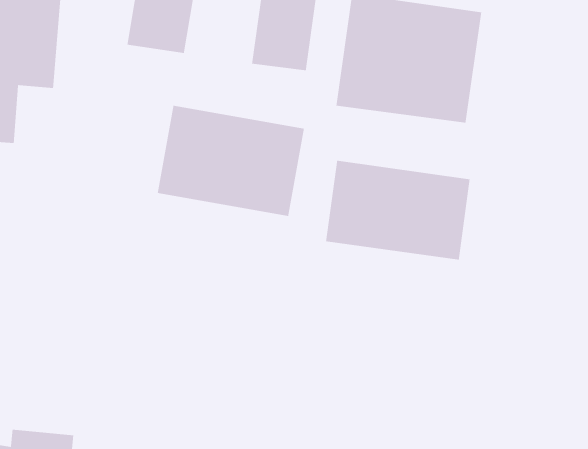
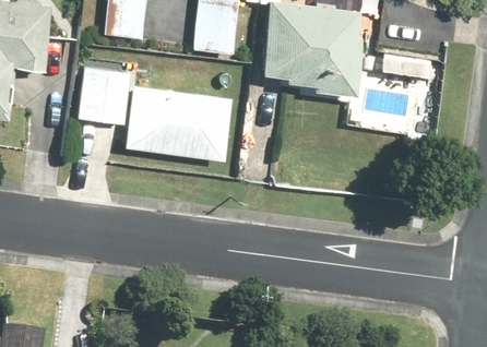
building: none -> [75,65,132,128]
building: [325,160,470,261] -> none

